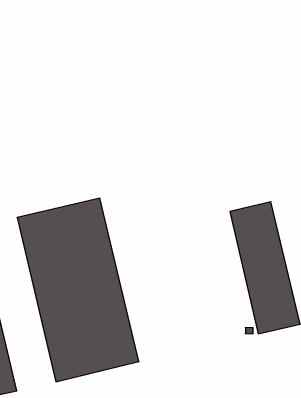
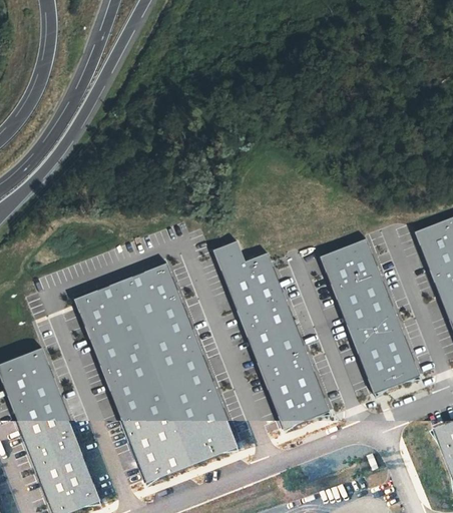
building: none -> [213,240,331,430]

